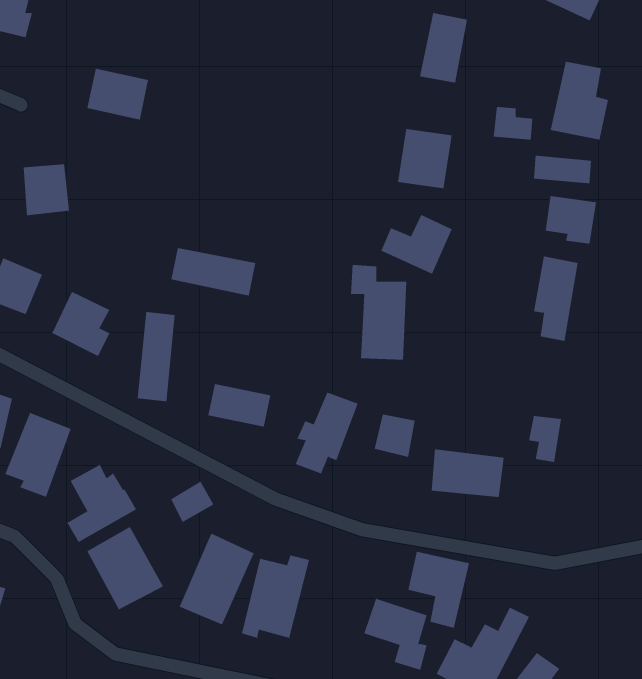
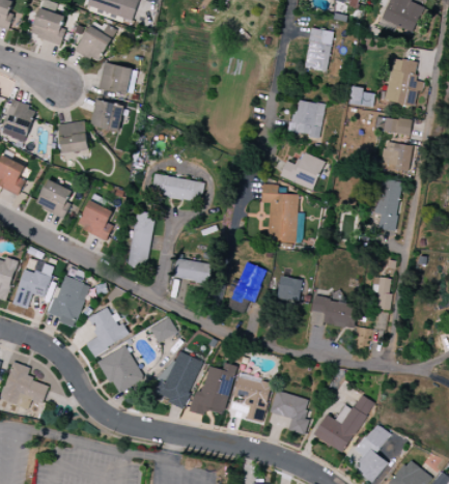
building: none -> [76,25,115,62]
building: none -> [89,99,123,132]
building: [408,551,470,629] -> [233,374,272,422]

